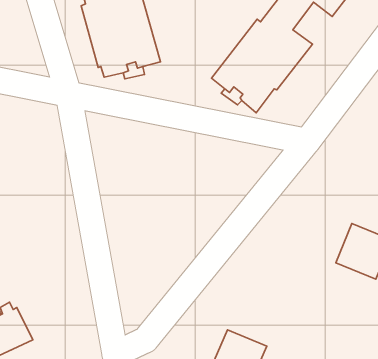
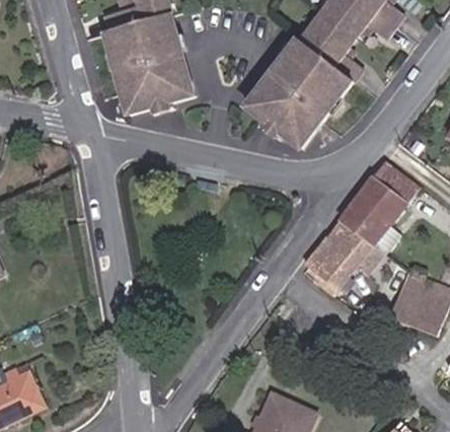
building: none -> [302,162,411,295]

